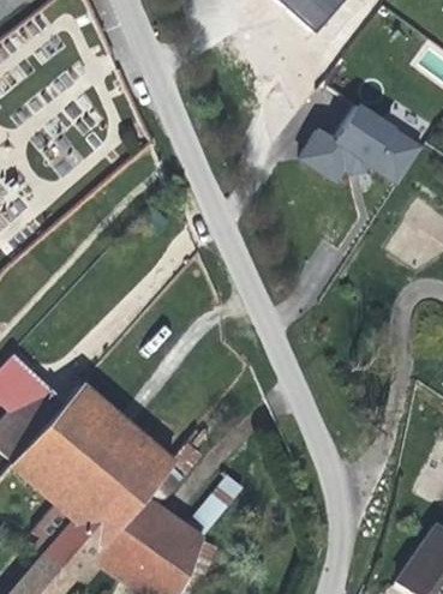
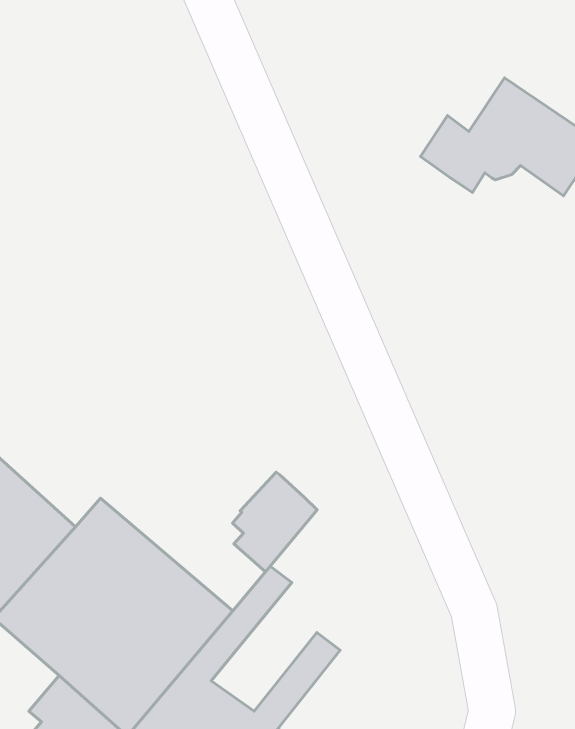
building: none -> [232,472,317,572]

